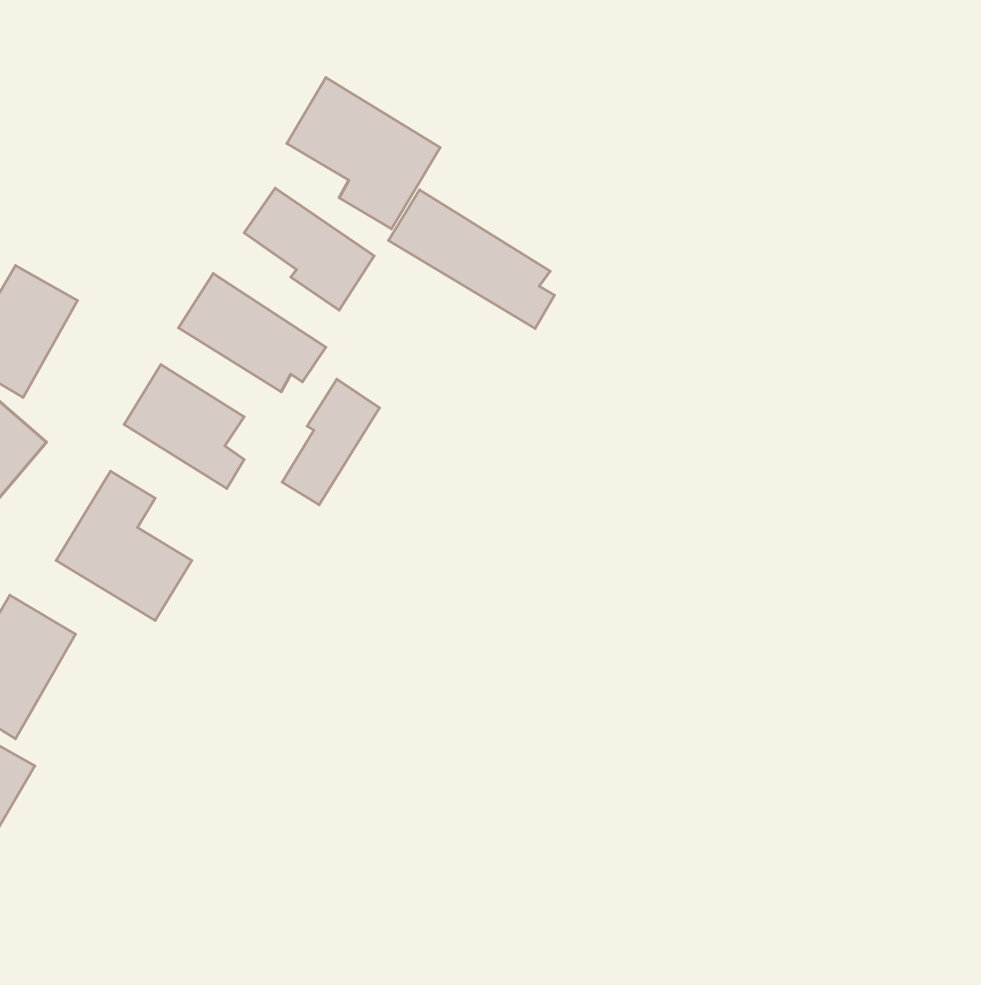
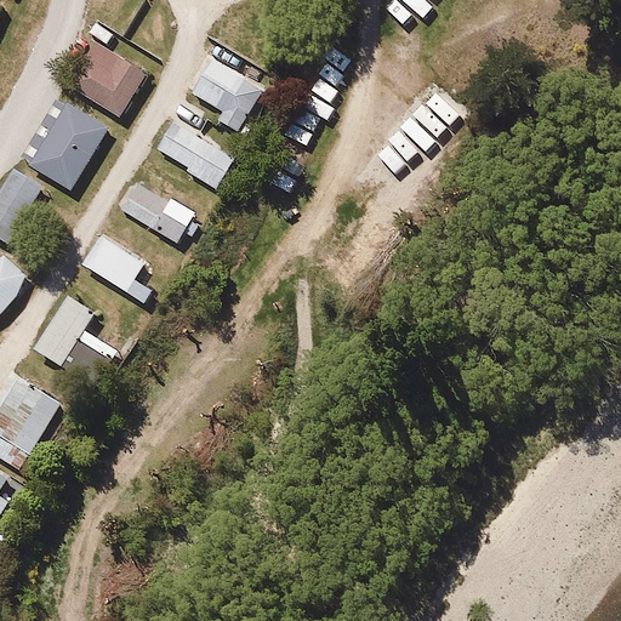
building: none -> [65,35,148,118]
building: none -> [29,102,107,188]
building: [389,190,554,329] -> none
building: [282,379,380,505] -> none

